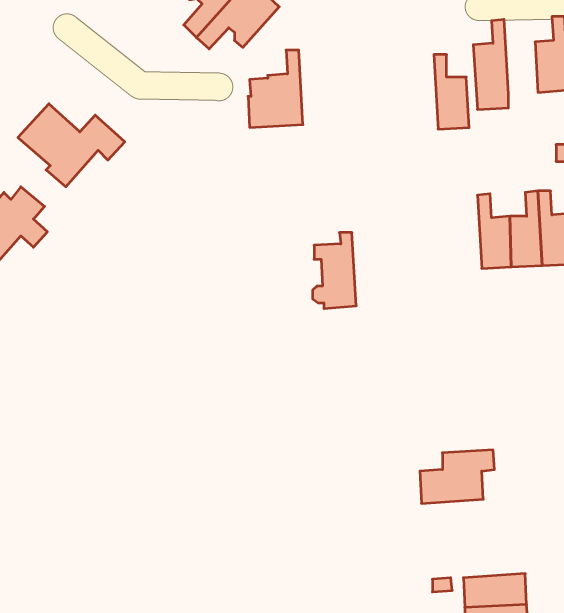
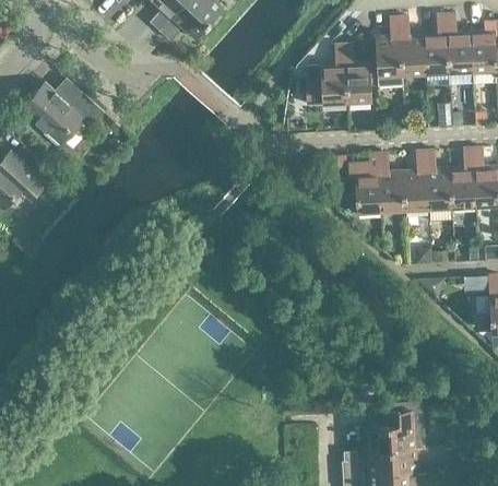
building: none -> [399,16,425,74]
building: [248,50,303,127] -> [305,44,347,104]
building: [313,233,356,309] -> [347,153,381,212]
building: [420,450,494,503] -> [366,408,424,450]

